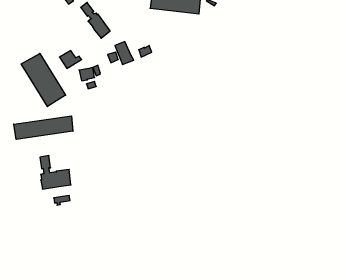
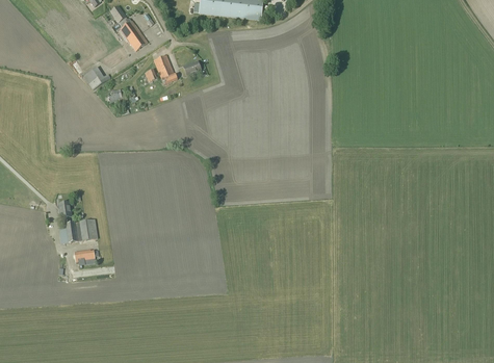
building: [21,53,66,107] -> none
building: [14,116,73,139] -> none

